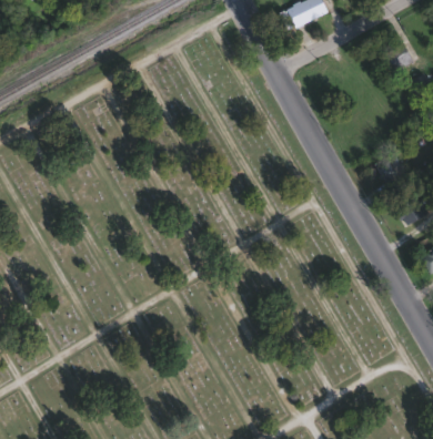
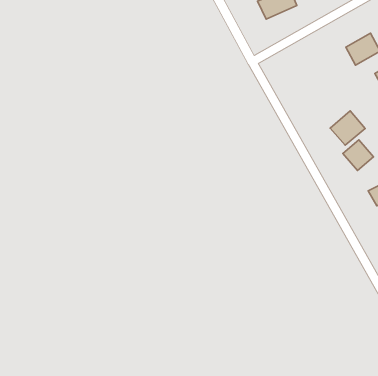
building: none -> [330,111,365,145]

